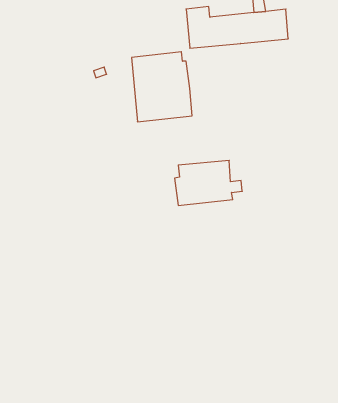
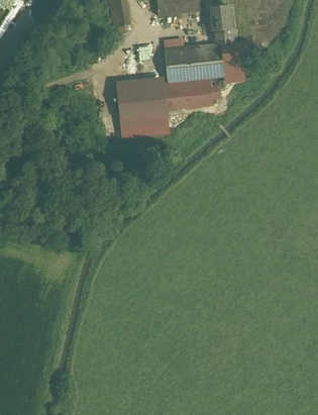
building: [175,160,242,205] -> [164,71,221,109]

